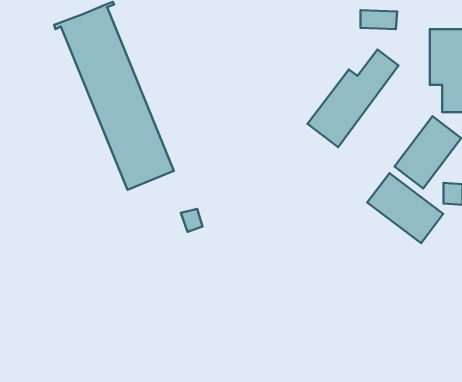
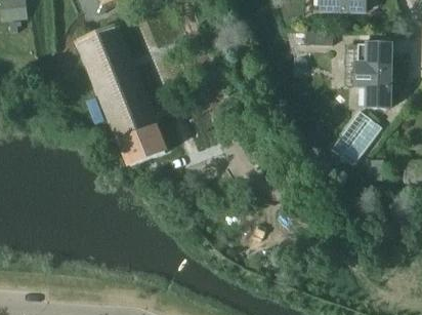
building: [308,49,399,147] -> none
building: [367,173,443,243] -> none

